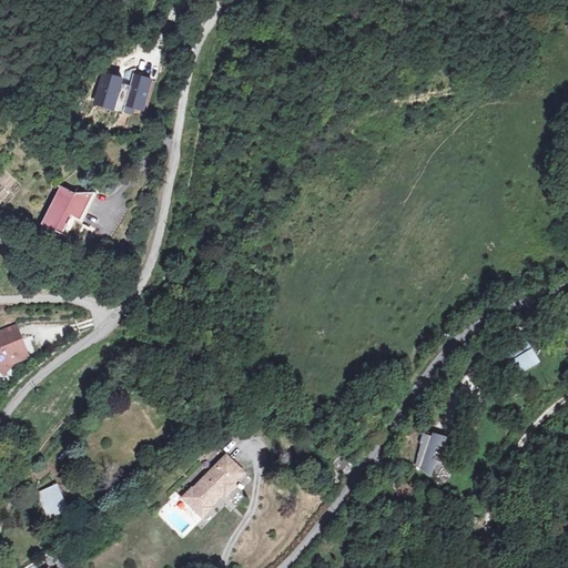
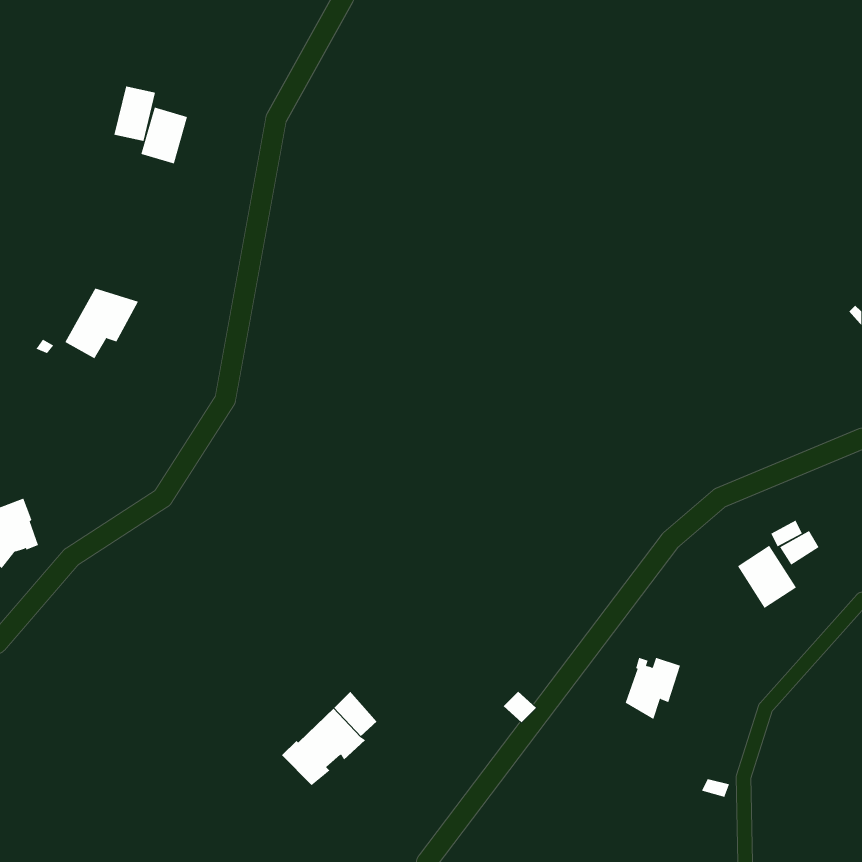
building: [124,72,152,109] -> [114,86,156,142]
building: none -> [737,545,797,609]
building: [36,484,67,518] -> none

